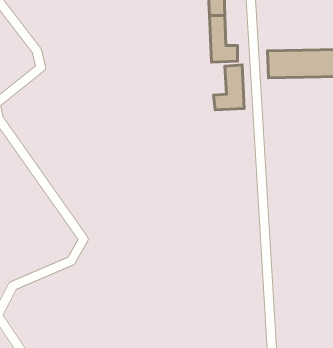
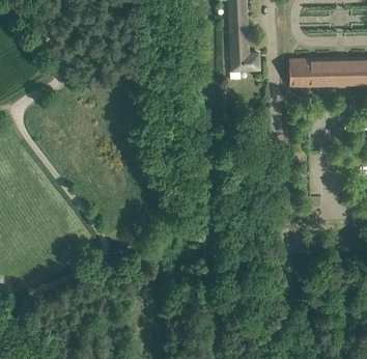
building: [214,65,244,110] -> none

